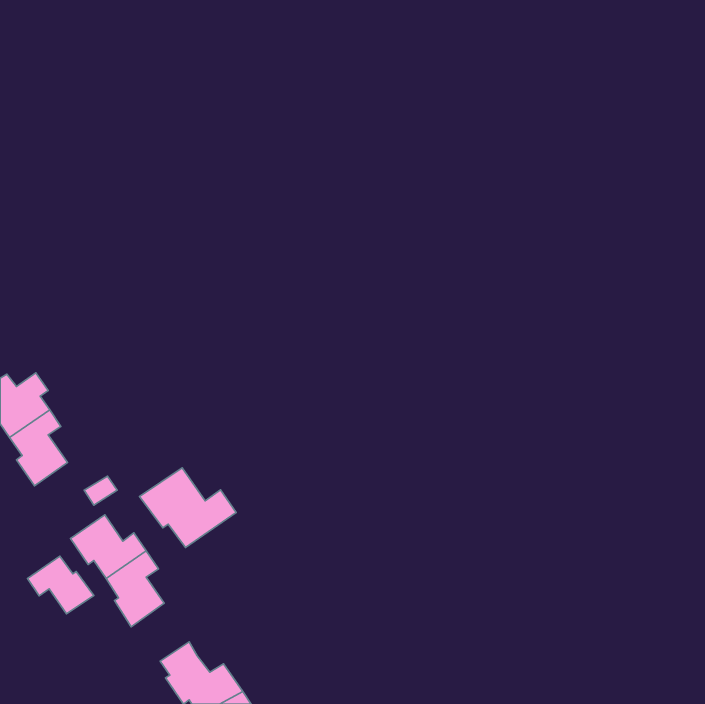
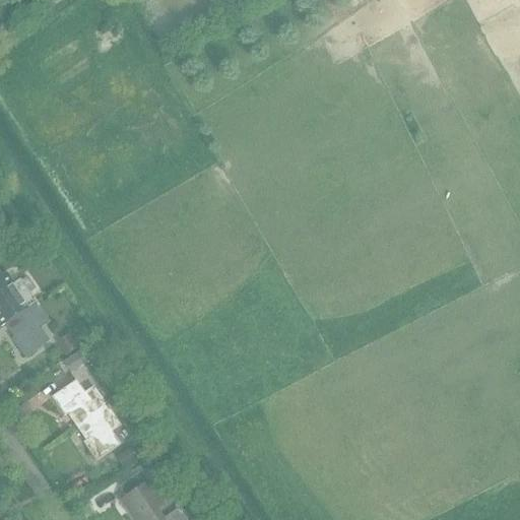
building: [139,468,236,548] -> none
building: [27,556,94,614] -> none

